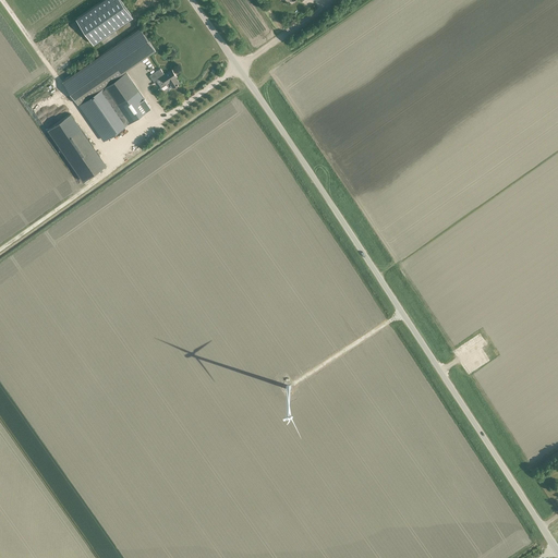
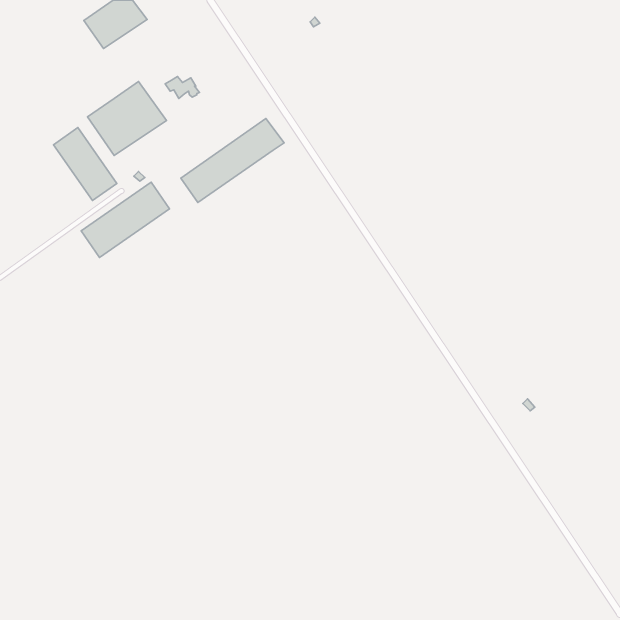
building: [62,29,155,105] -> [181,118,284,202]
building: none -> [81,182,170,258]

